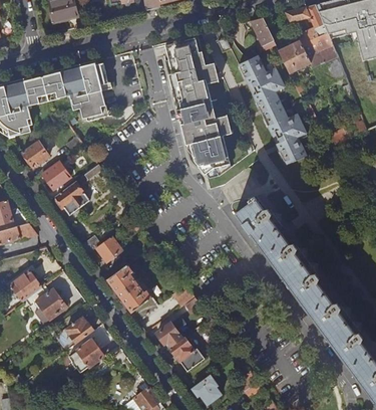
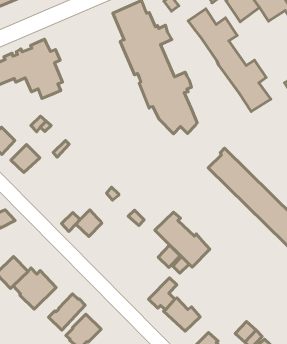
building: [56,182,90,215] -> none
building: [107,264,158,322] -> [155,212,210,267]

